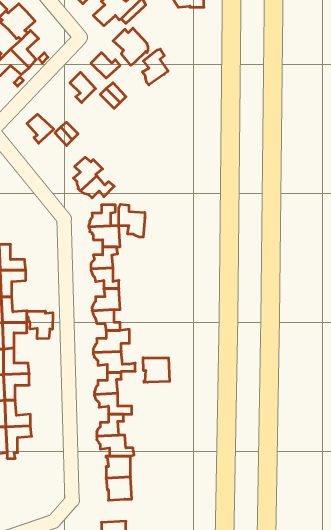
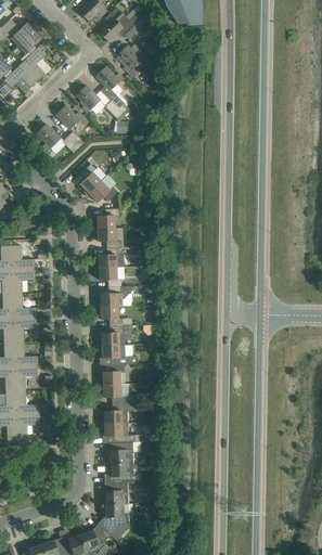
building: [142,49,168,85] -> none
building: none -> [55,104,88,131]
building: [119,204,145,237] -> none
building: [27,311,53,339] -> none
building: [143,358,170,382] -> none
building: none -> [104,482,128,504]

